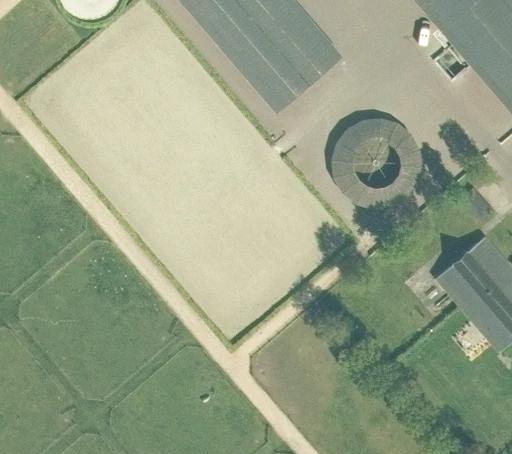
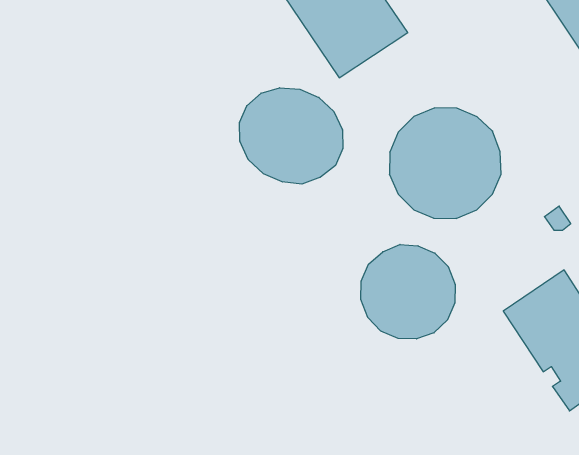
building: none -> [240,88,343,184]
building: none -> [361,244,455,339]

